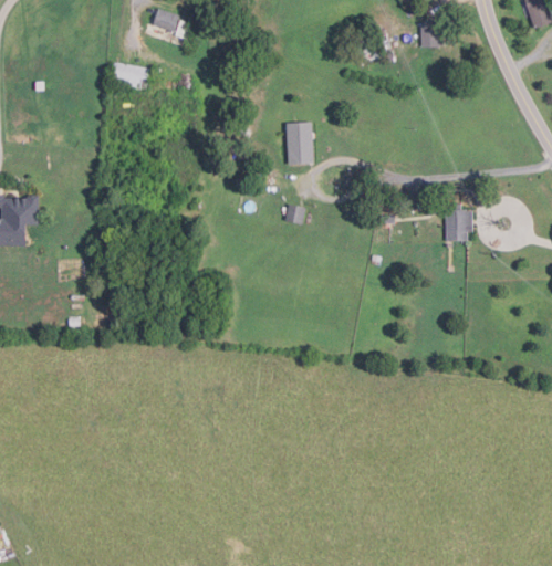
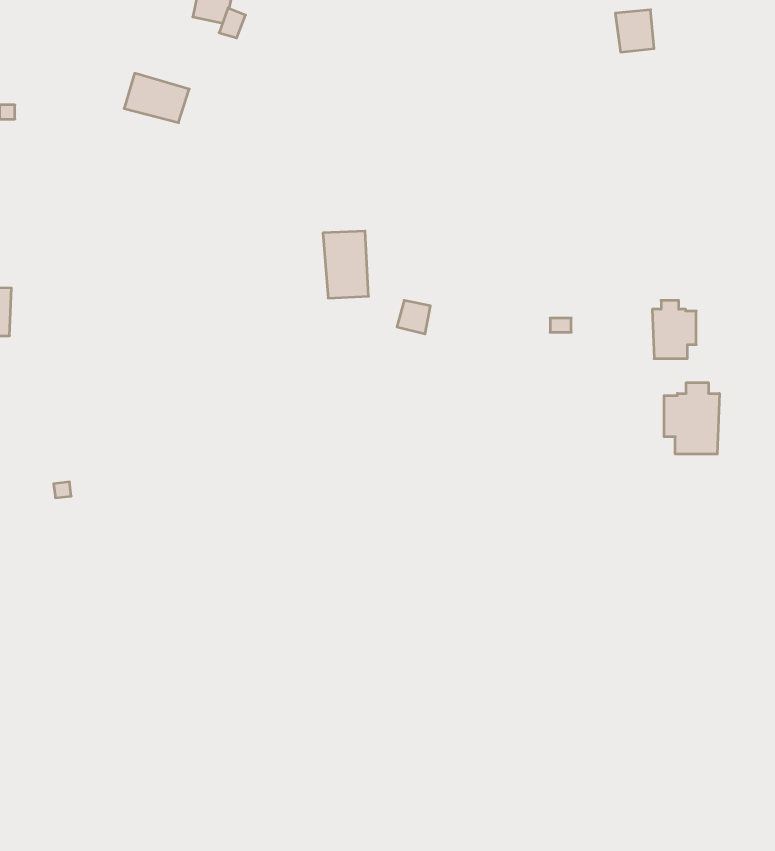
building: [283,123,312,165] -> [323,231,369,298]
building: none -> [664,383,719,454]

